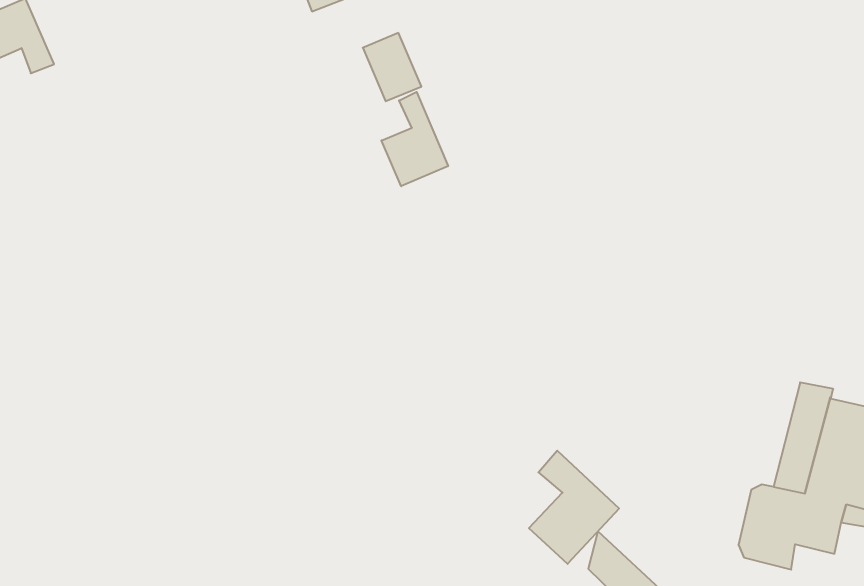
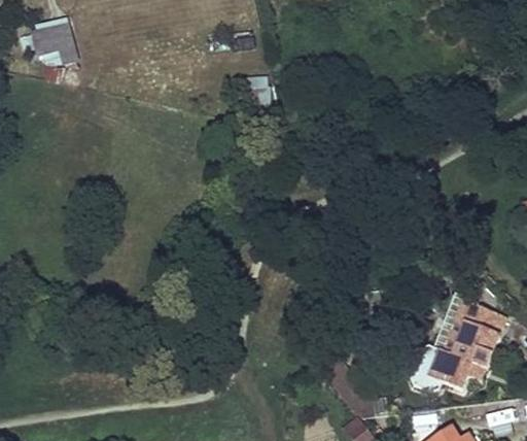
building: [381,92,448,186] -> none
building: [529,451,619,564] -> none

